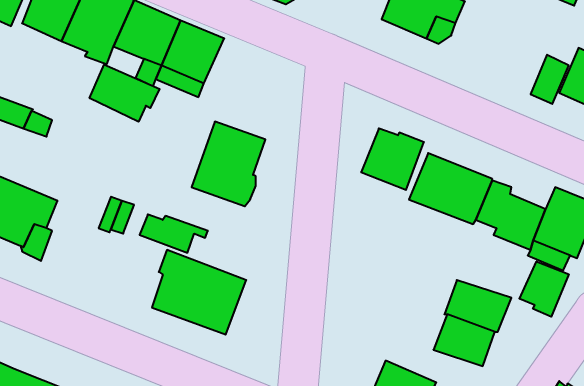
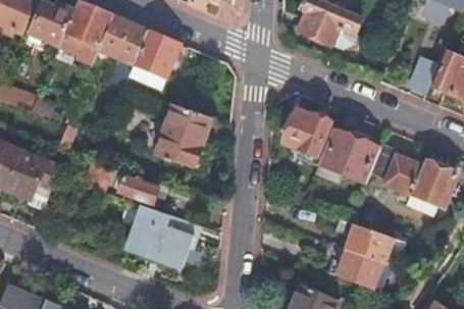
building: [90,65,160,122] -> none
building: [519,261,569,317] -> none

